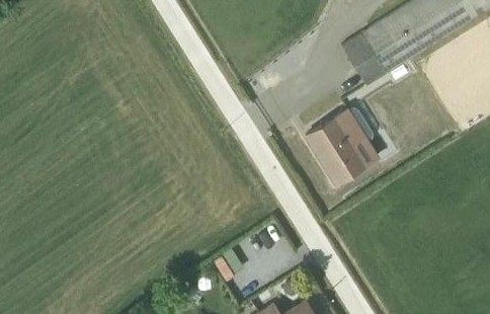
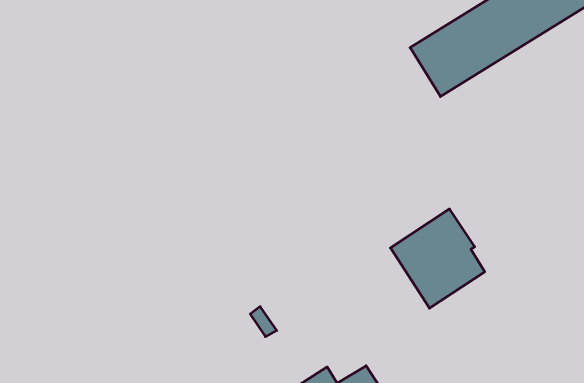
building: [306,103,382,183] -> [390,209,485,308]

